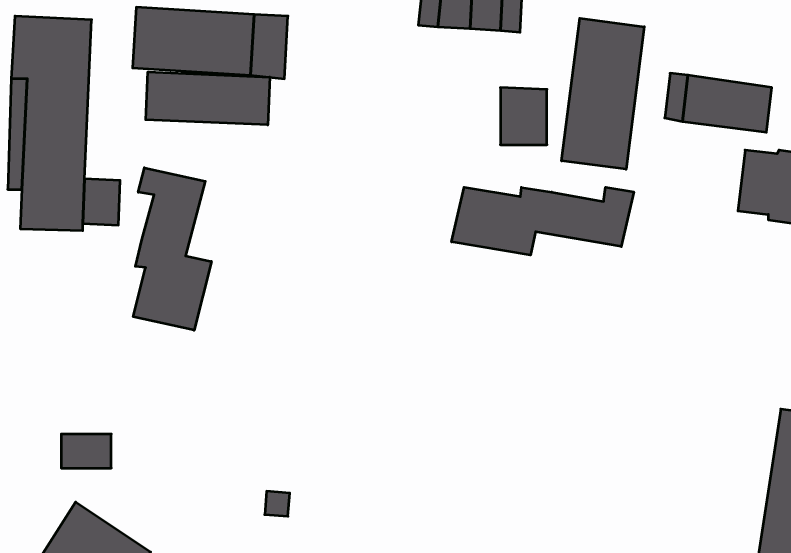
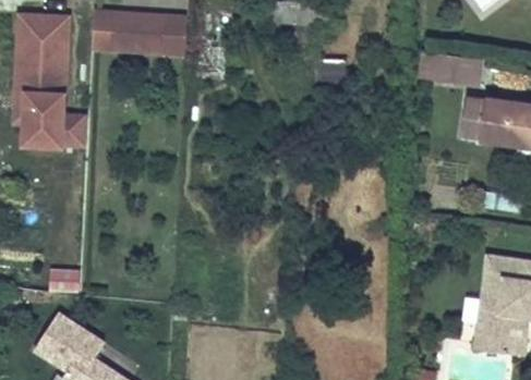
building: [562,18,644,169] -> none
building: [146,72,270,125] -> none
building: [133,168,211,330] -> none
building: [452,187,634,255] -> none

